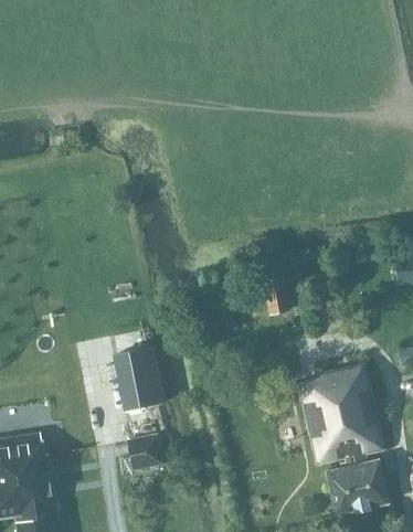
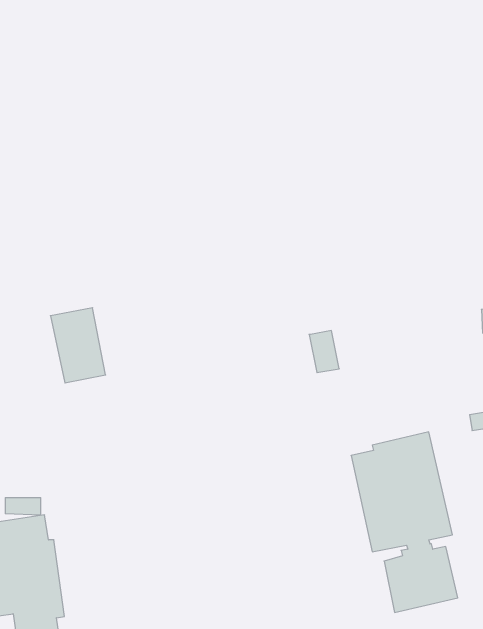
building: [113,348,159,411] -> [50,308,106,383]
building: [126,435,163,470] -> none

